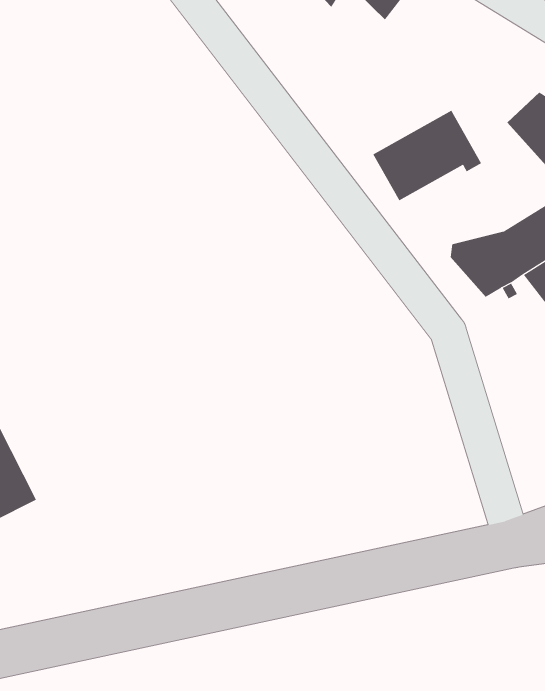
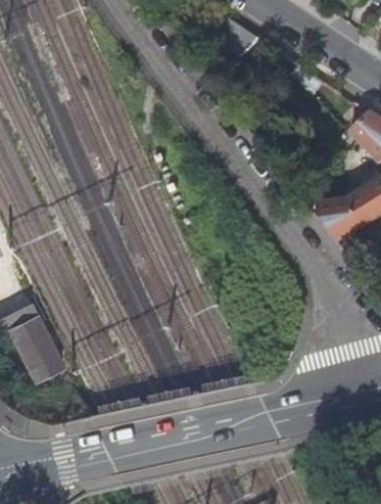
building: [372,110,482,201] -> none

